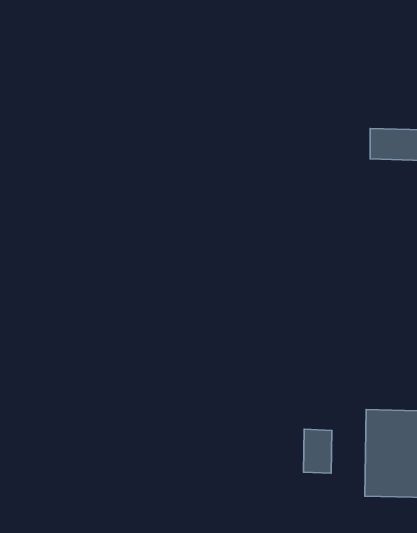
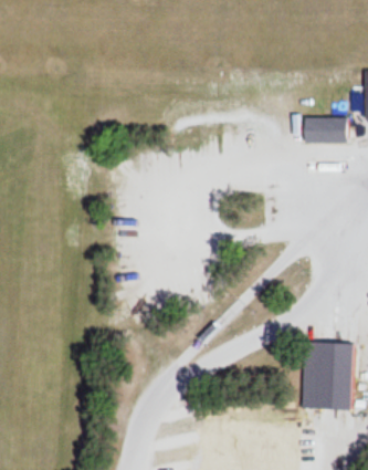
building: [303,429,332,473] -> none

